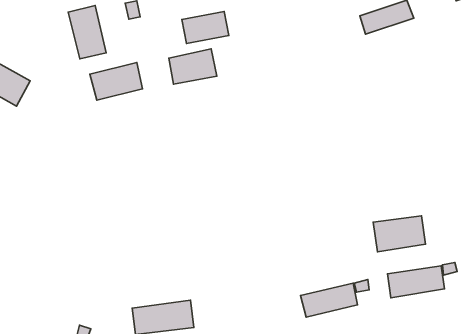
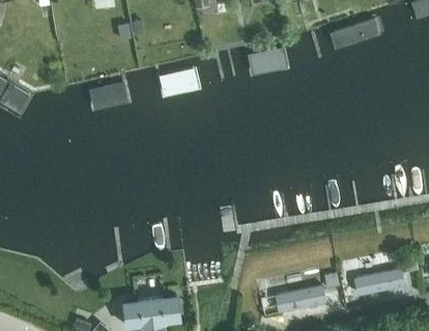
building: [68,5,106,59] -> none
building: [182,12,229,44] -> [246,48,288,77]
building: [373,216,425,252] -> none

